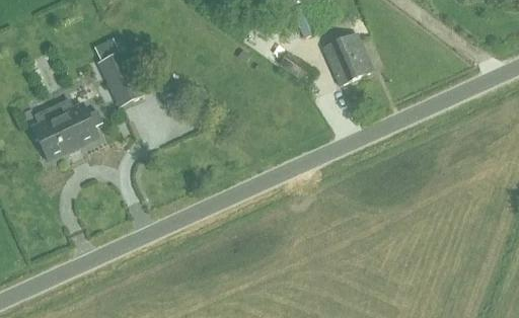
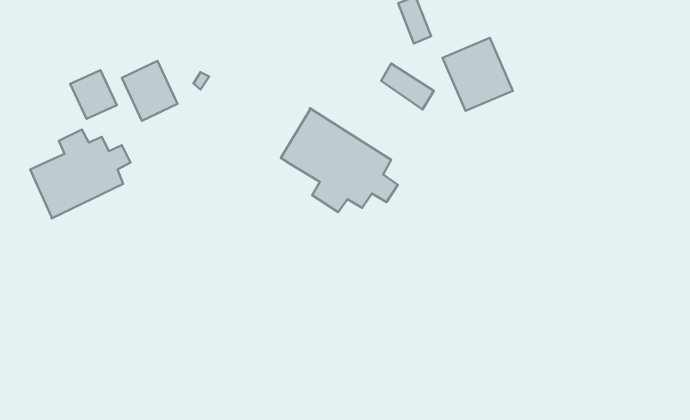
building: none -> [70,70,117,119]
building: none -> [281,108,398,212]

